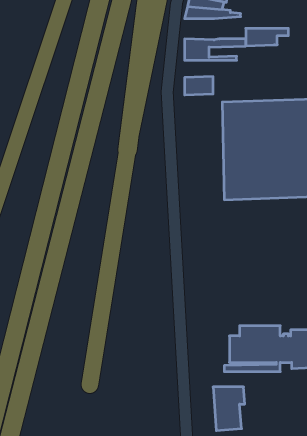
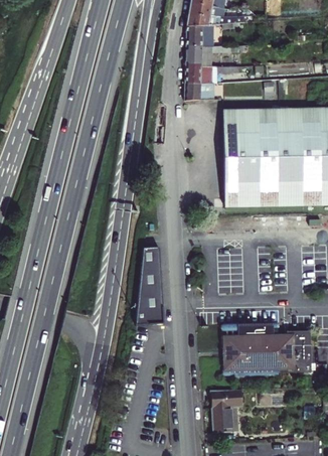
building: none -> [186,25,215,46]
building: [246,28,288,46] -> [186,66,228,84]
building: none -> [135,248,163,326]

